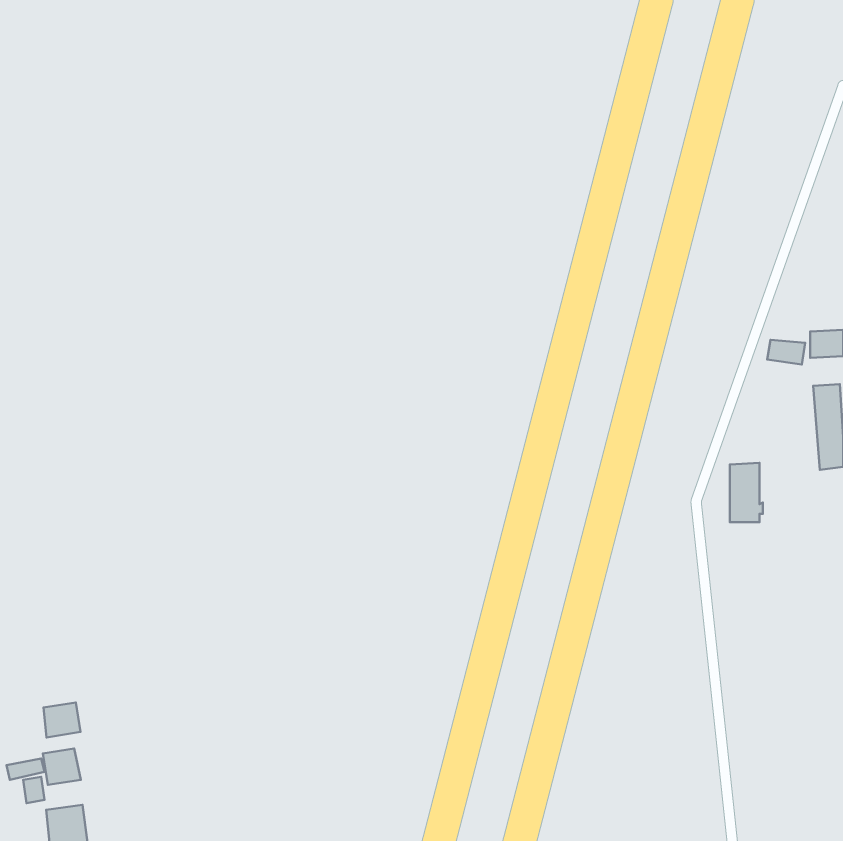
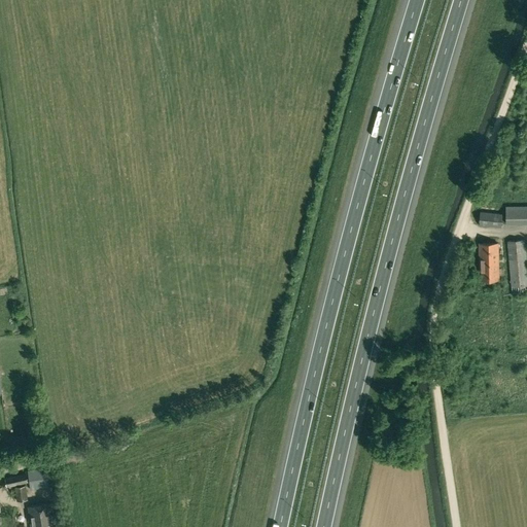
building: [730,463,763,522] -> [480,244,500,281]
building: [43,702,81,738] -> none

